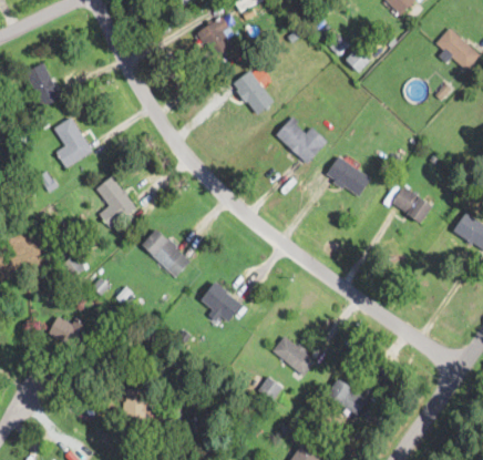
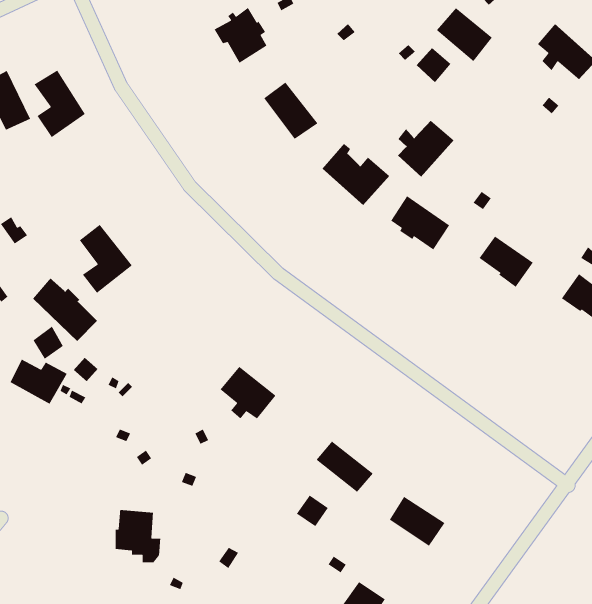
building: none -> [436,7,493,62]
building: none -> [397,120,454,177]
building: [53,117,92,168] -> [34,69,86,138]
building: [142,229,191,277] -> [32,277,98,342]
building: [49,316,92,350] -> [9,358,68,405]

